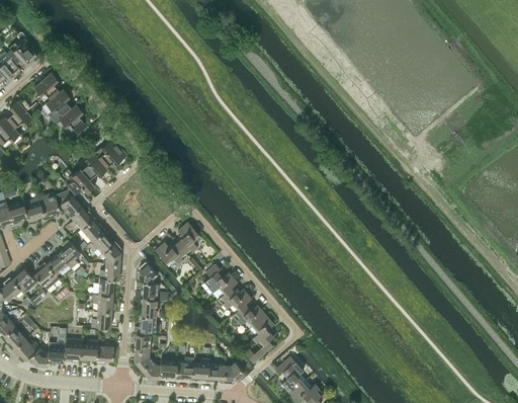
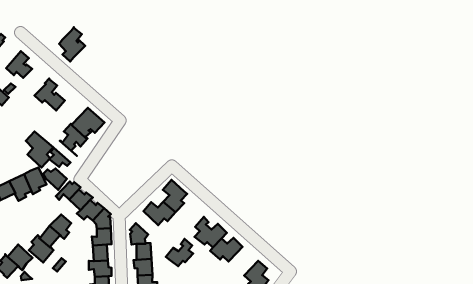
building: [47,88,73,123] -> [59,27,85,61]
building: none -> [26,131,53,168]
building: none -> [166,239,193,266]
building: [233,304,266,328] -> none

